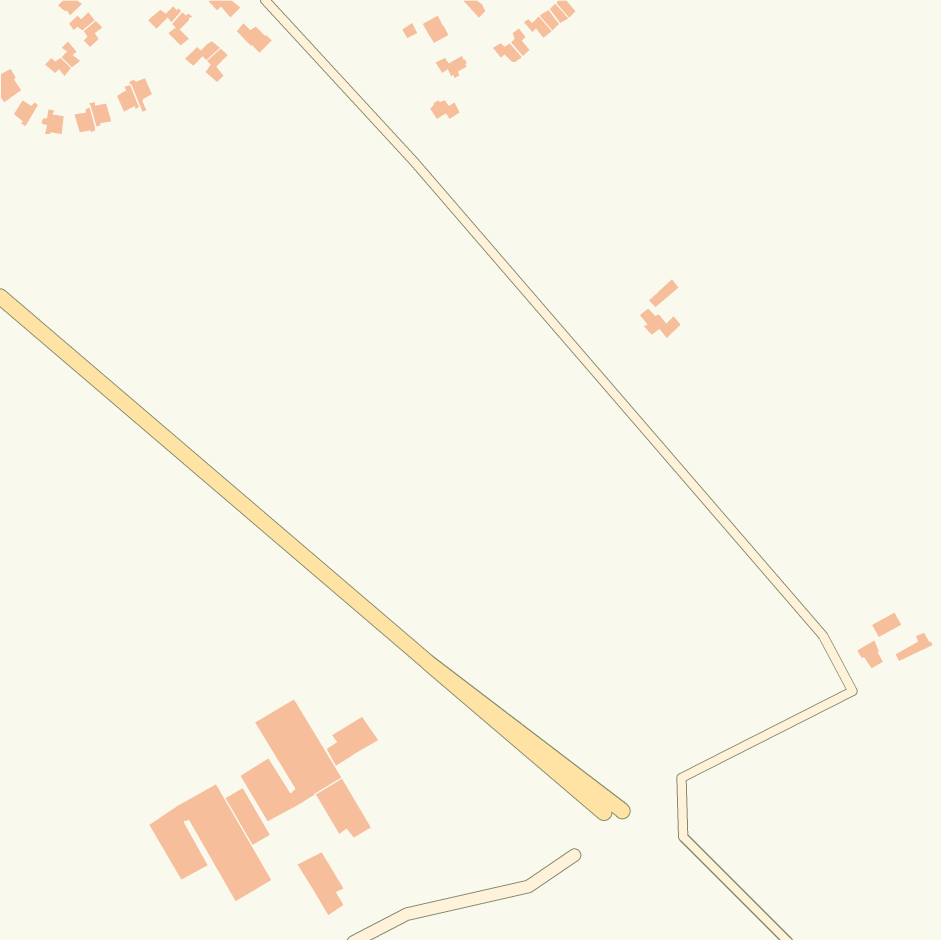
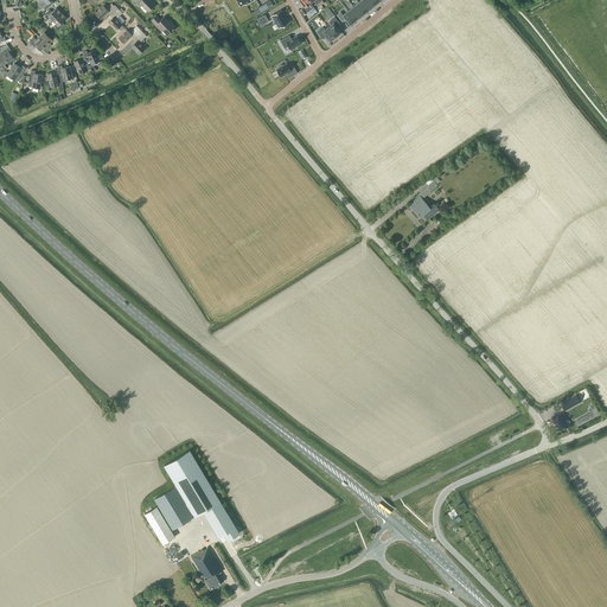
building: [326,716,379,767] -> none
building: [149,784,272,902] -> none

